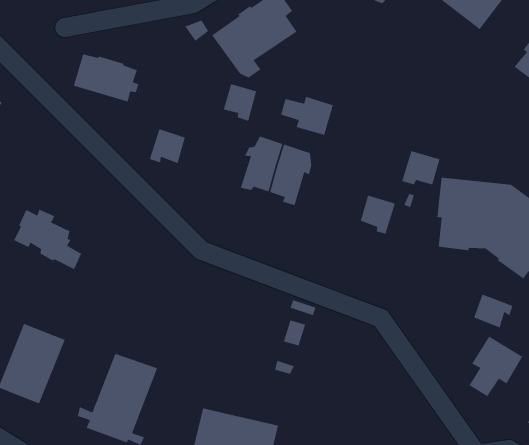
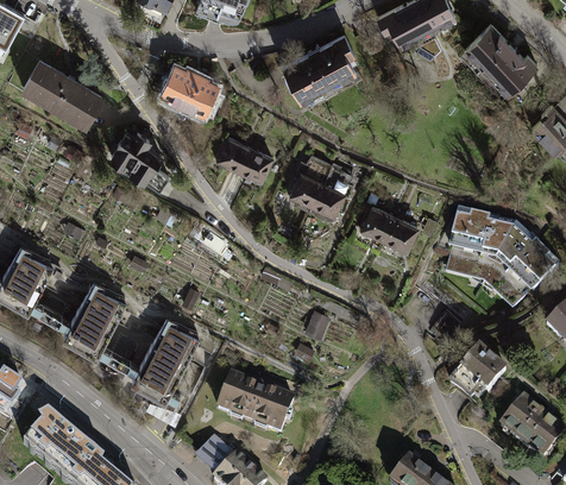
building: [223,83,257,122] -> [240,146,271,181]
building: [280,96,334,136] -> none
building: [401,150,441,186] -> [359,204,395,237]
building: [13,208,82,270] -> [112,130,168,187]
building: [473,294,514,329] -> none

